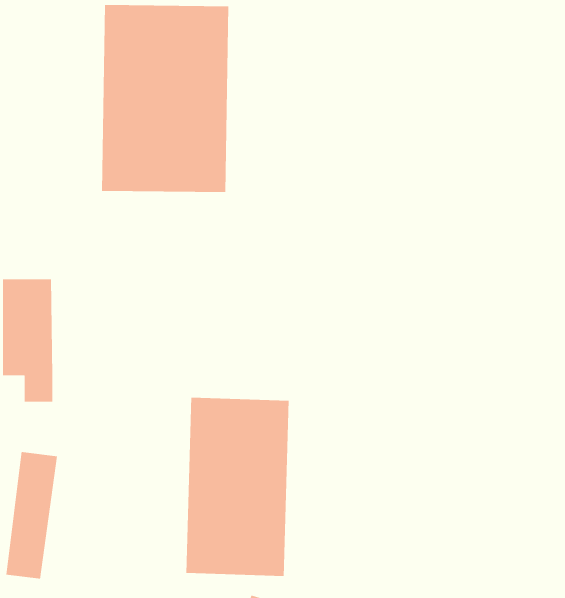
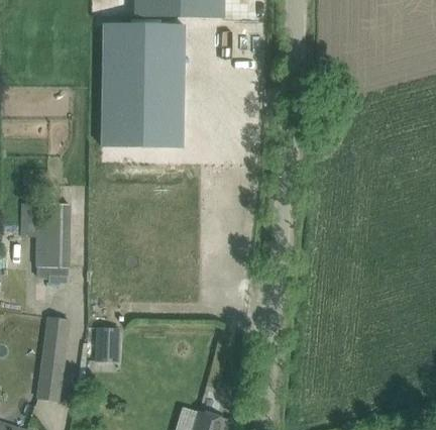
building: [186,397,289,577] -> none
building: none -> [98,327,122,363]

